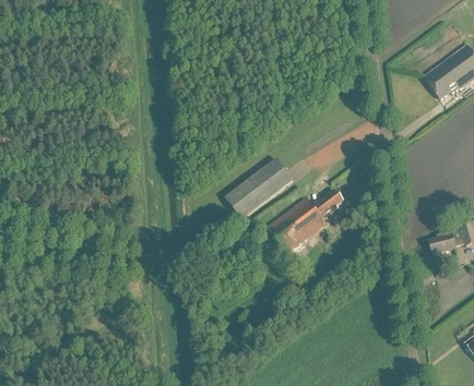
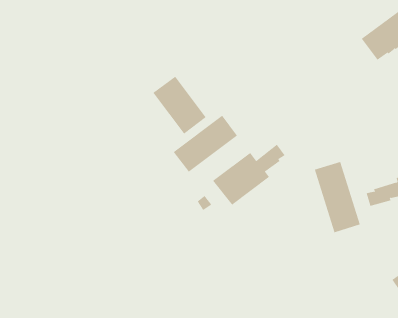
building: none -> [153,76,207,134]
building: none -> [314,161,360,233]

